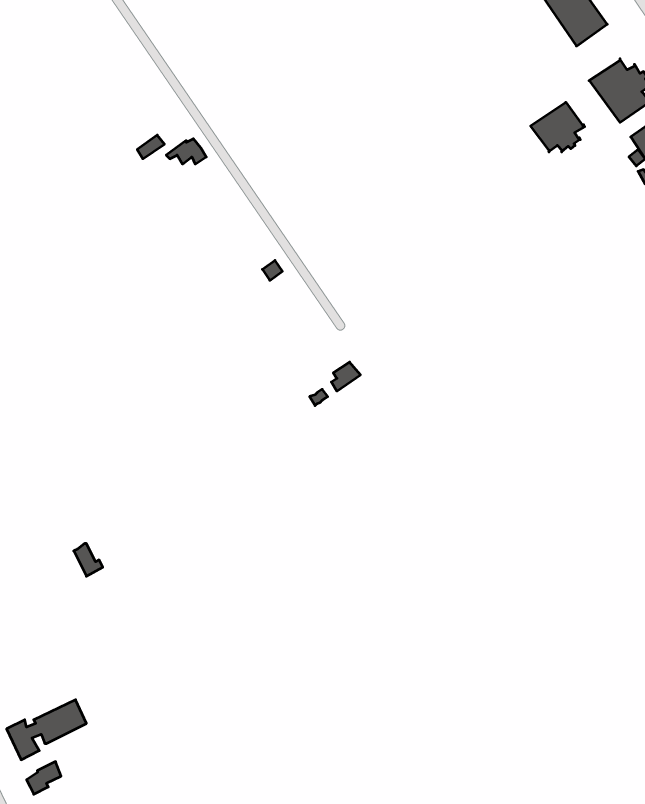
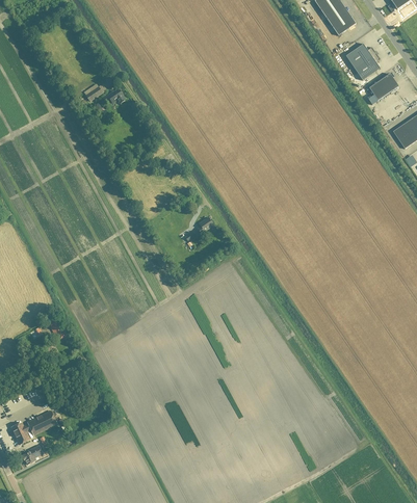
building: [531,102,585,152] -> none

